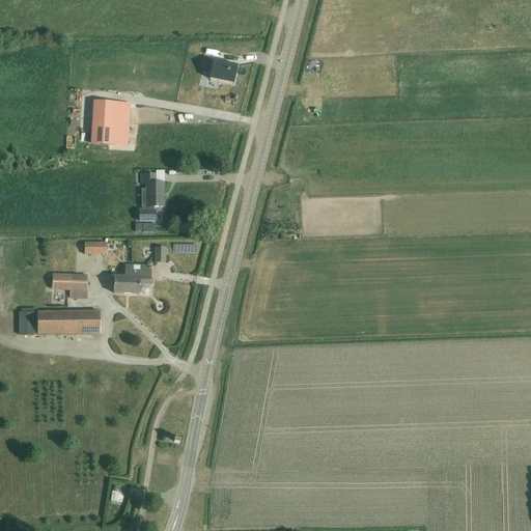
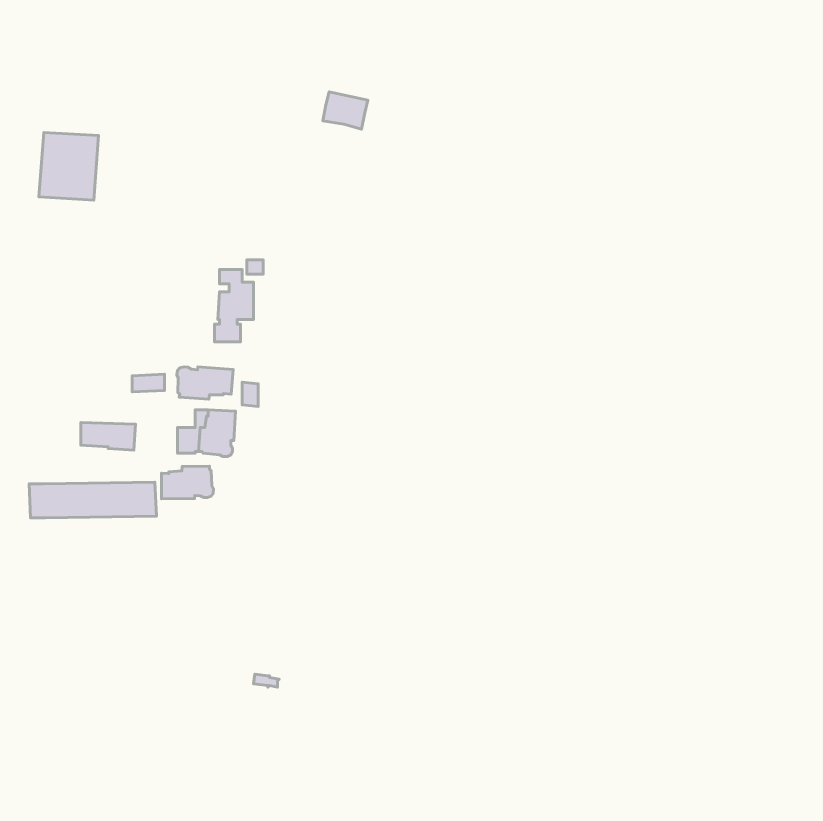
building: [91,101,130,144] -> [39,132,99,200]
building: none -> [177,367,233,399]
building: none -> [161,466,214,499]

